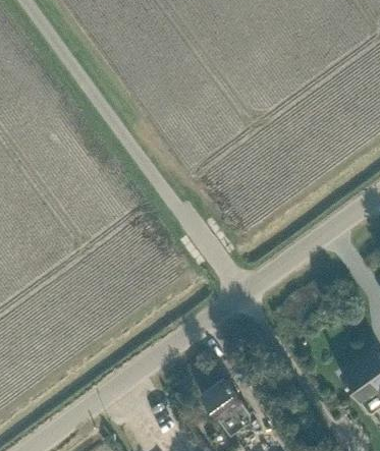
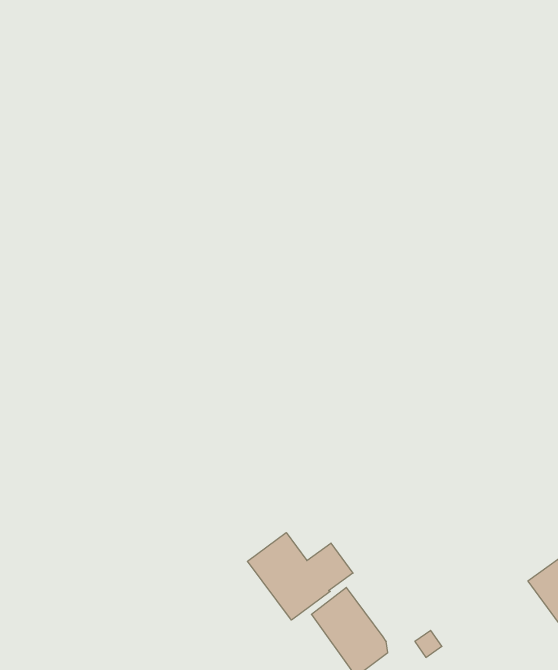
building: none -> [247,533,353,620]

